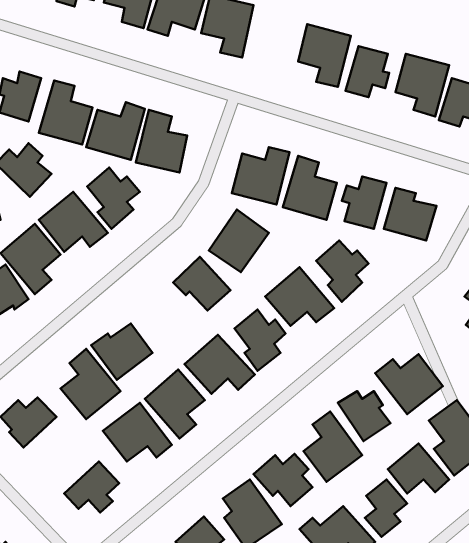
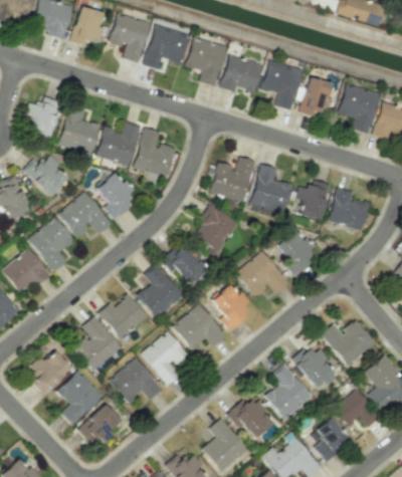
building: none -> [220,55,263,92]
building: none -> [137,264,183,318]
building: none -> [57,370,104,425]

